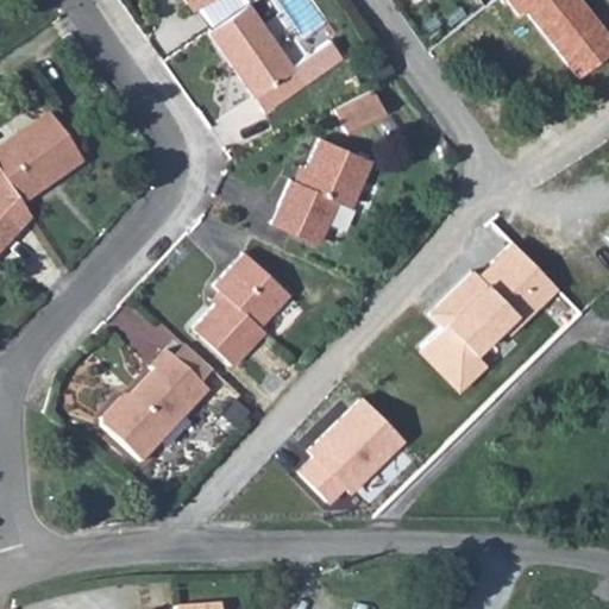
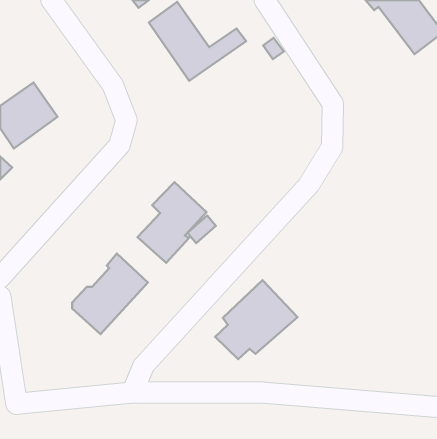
building: [334,86,388,133] -> none
building: [272,137,371,244] -> none
building: [425,236,565,389] -> none

